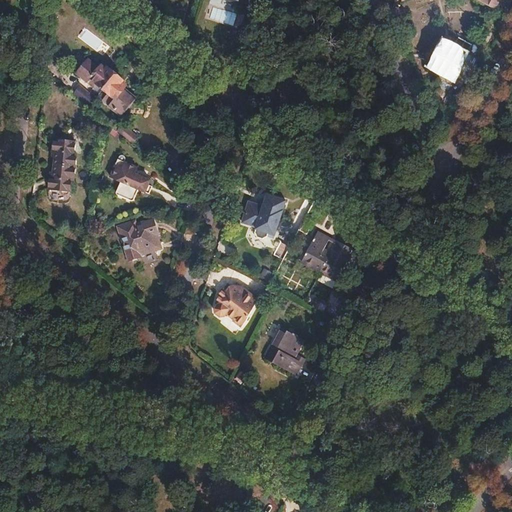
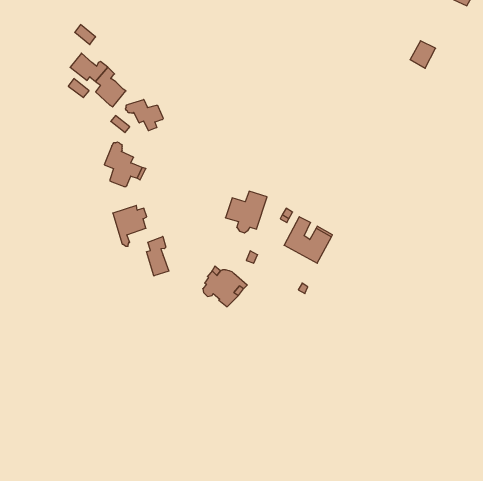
building: none -> [126,99,163,131]
building: [48,137,76,188] -> none
building: none -> [147,236,169,276]
building: [264,326,303,373] -> none

